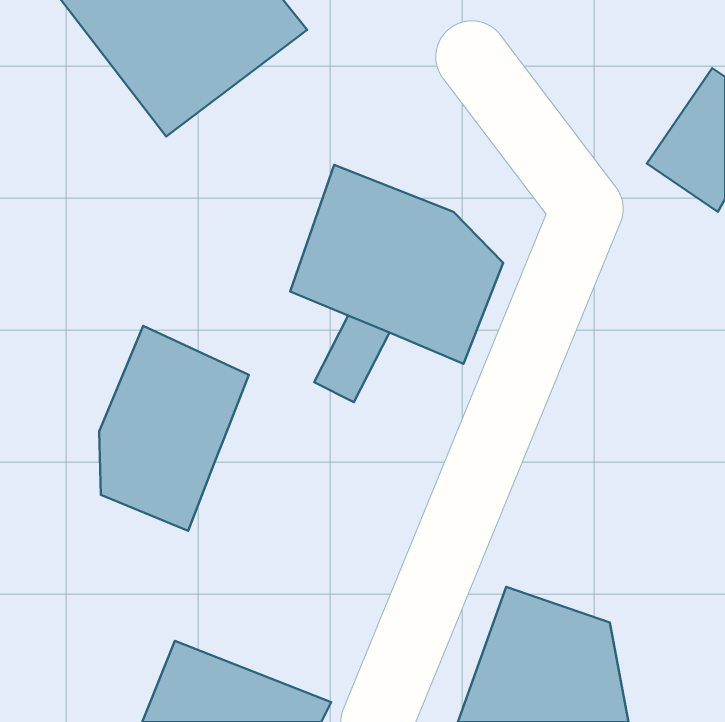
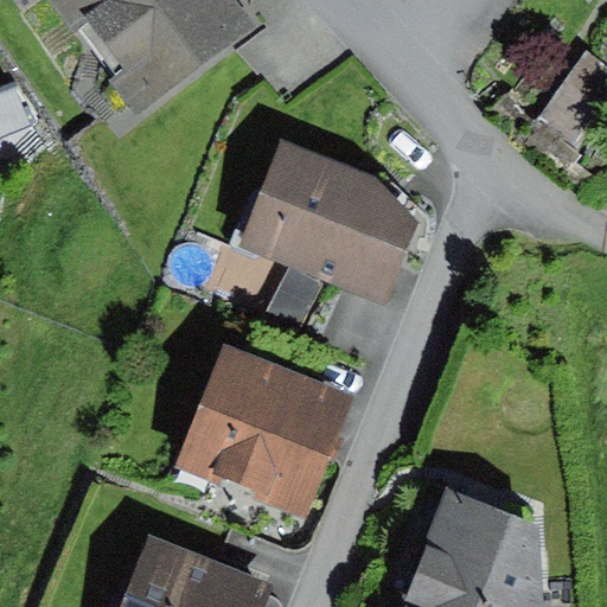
building: [99,326,249,531] -> none
building: none -> [174,344,353,518]

